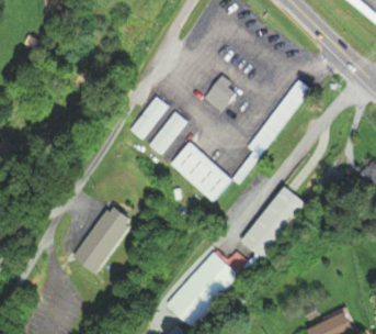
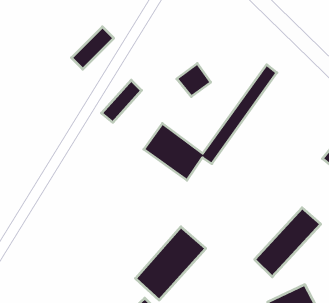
building: [144,110,189,155] -> [71,27,114,69]
building: [236,186,306,259] -> [255,208,321,277]
building: [75,201,139,272] -> none

